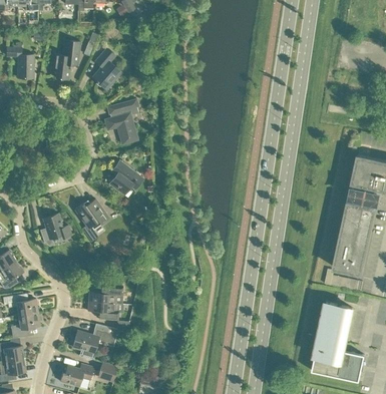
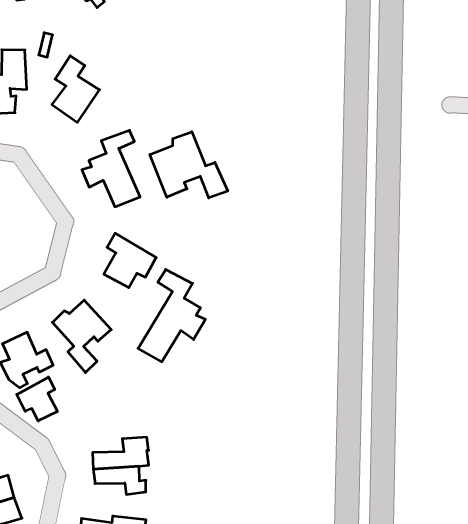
building: none -> [150,132,228,198]
building: none -> [138,269,205,362]
building: none -> [17,377,57,421]

